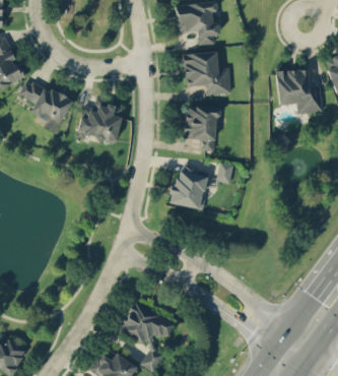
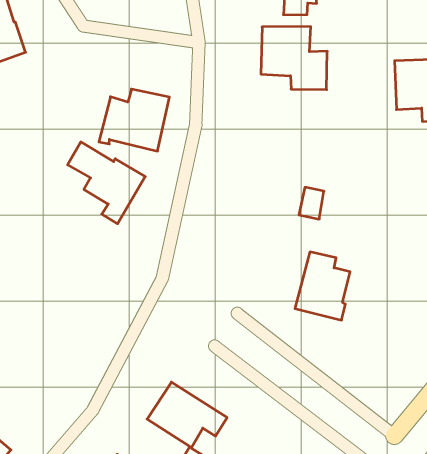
building: [18,79,72,134] -> [68,142,145,224]
building: [185,107,217,151] -> none
building: [171,165,207,210] -> [295,252,350,320]

